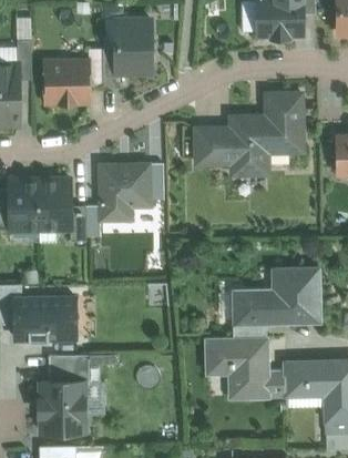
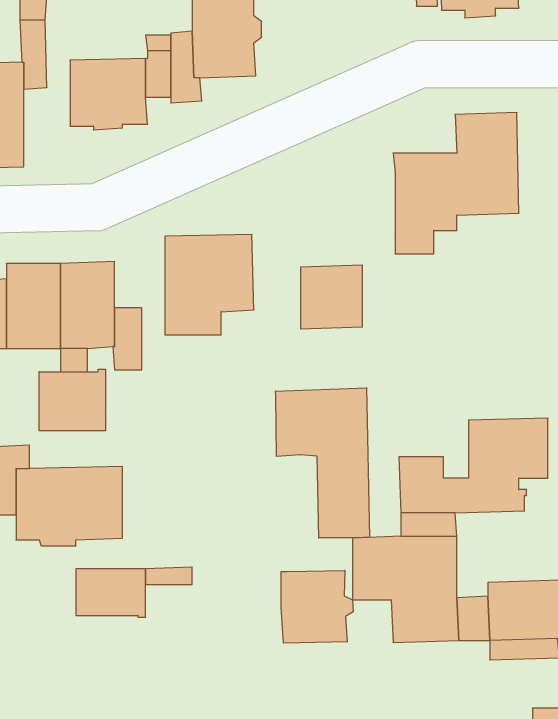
building: [196,128,232,164] -> [301,265,362,329]
building: none -> [39,369,105,431]
building: none -> [276,388,369,538]
building: none -> [281,570,353,643]
building: [39,381,85,432] -> none

